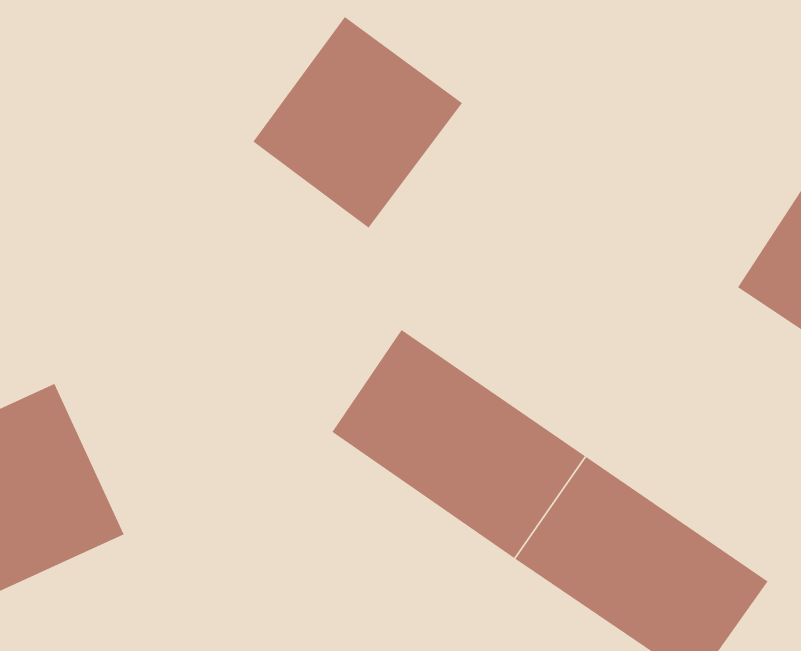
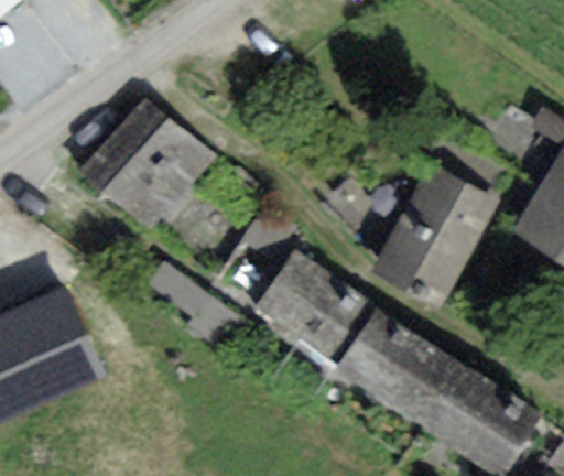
building: [252,16,463,229] -> [84,104,217,238]
building: none -> [380,136,498,271]

